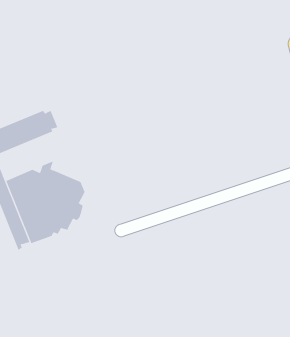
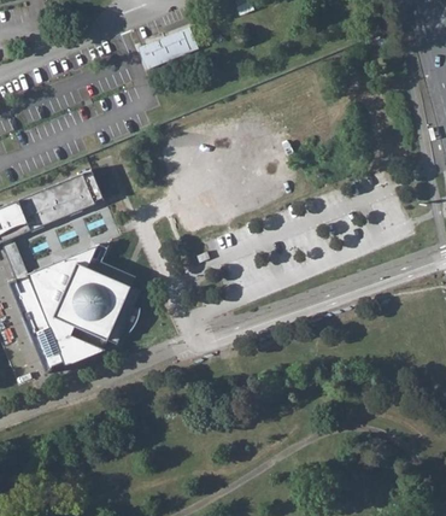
building: none -> [137,27,198,70]

